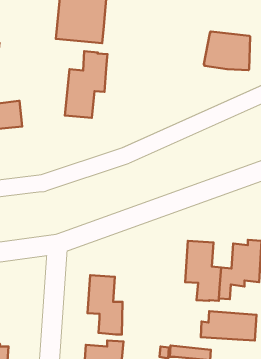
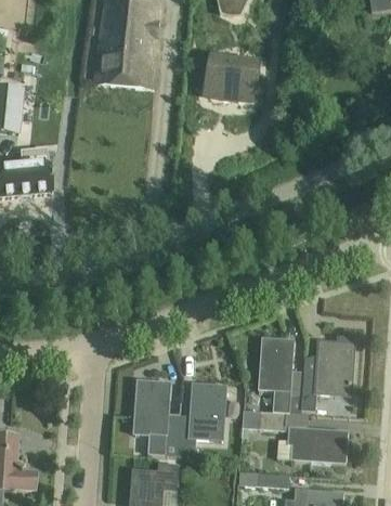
building: [204,31,250,70] -> [203,55,261,104]
building: [65,51,108,118] -> none
building: none -> [178,385,225,456]
building: none -> [244,410,285,430]

